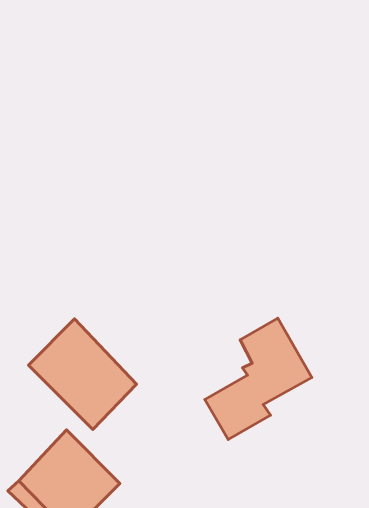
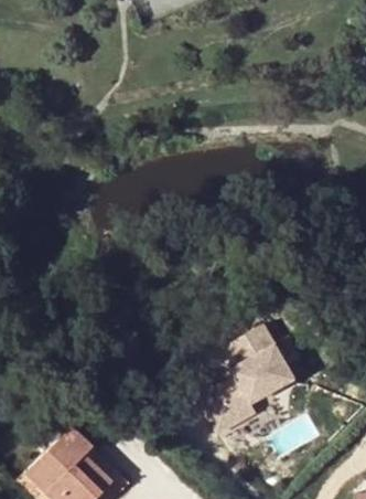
building: [28,319,137,430] -> none

